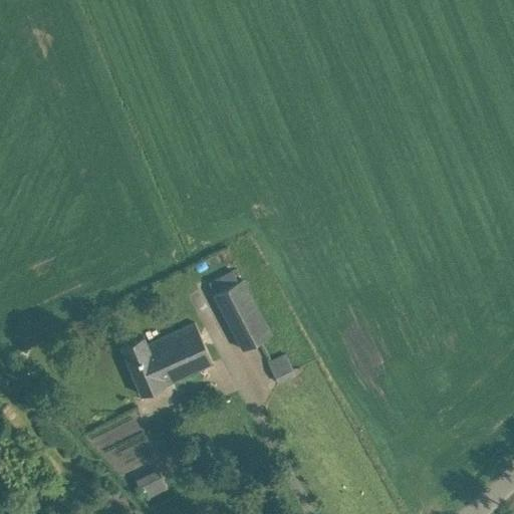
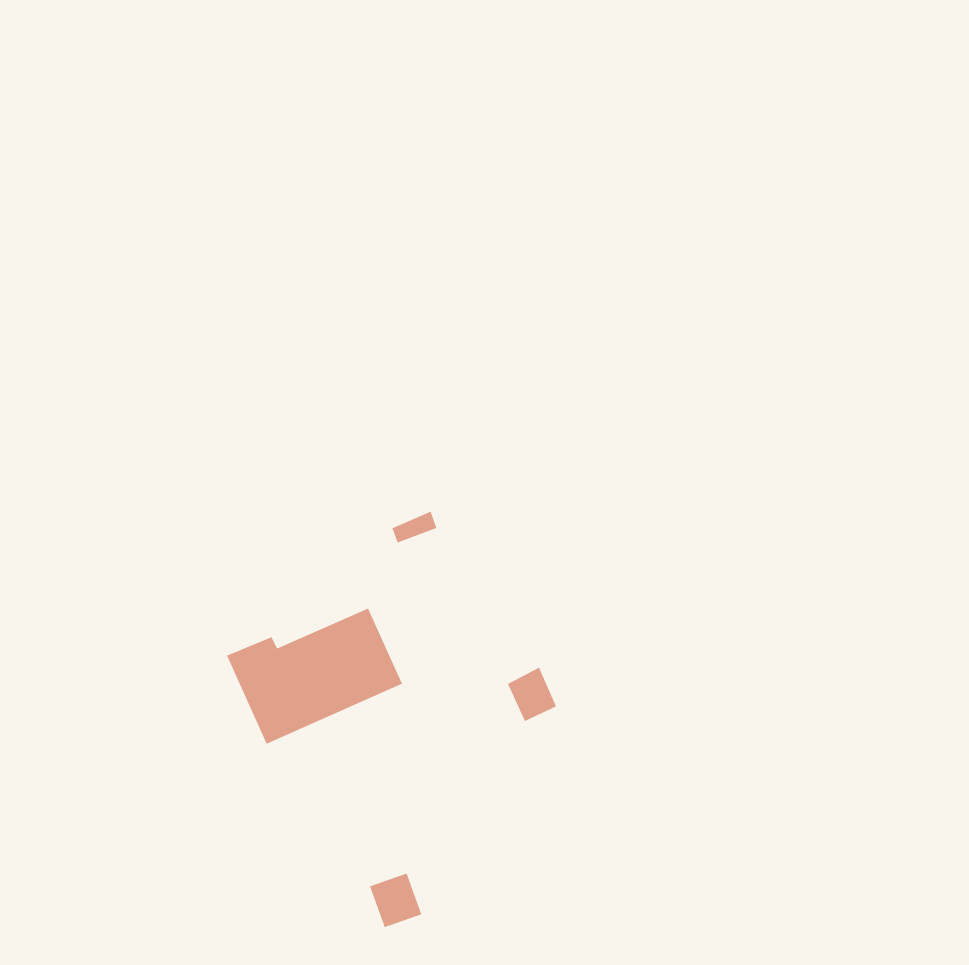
building: [215,280,272,351] -> none
building: [137,470,165,499] -> [369,873,422,928]

